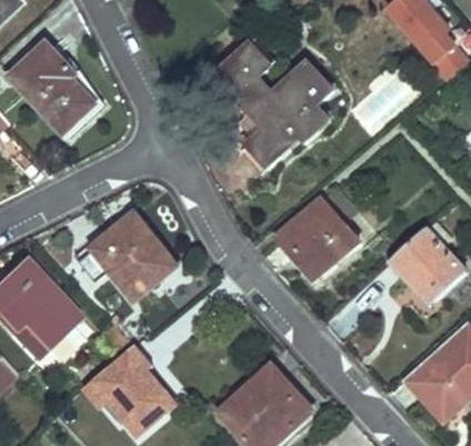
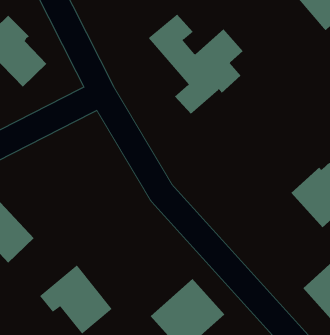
building: [278,189,360,280] -> none
building: [91,215,176,301] -> none

